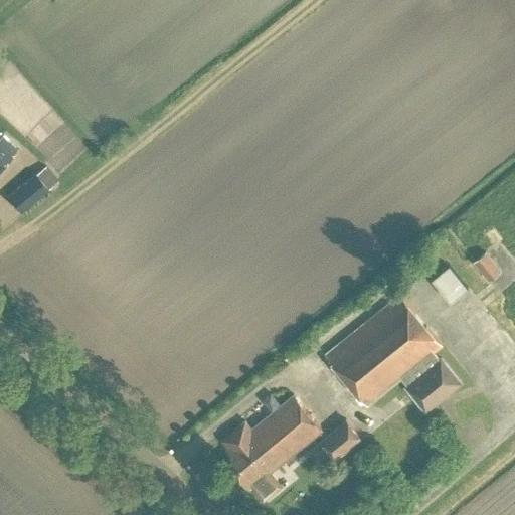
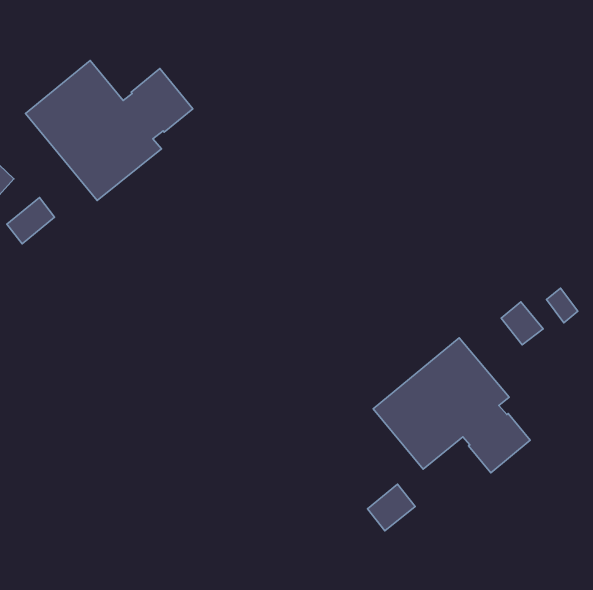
building: none -> [25,60,193,201]
building: [221,395,322,501] -> none

